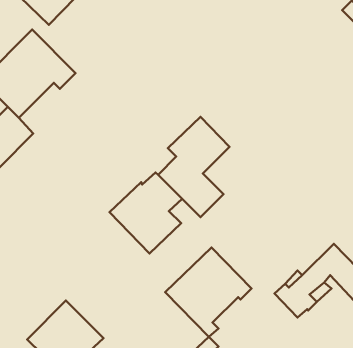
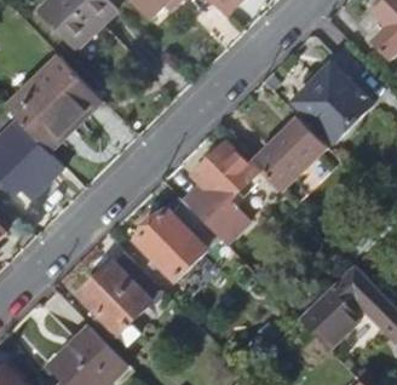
building: none -> [295,64,372,142]
building: none -> [254,116,329,191]
building: [165,247,251,337] -> [79,251,165,340]

